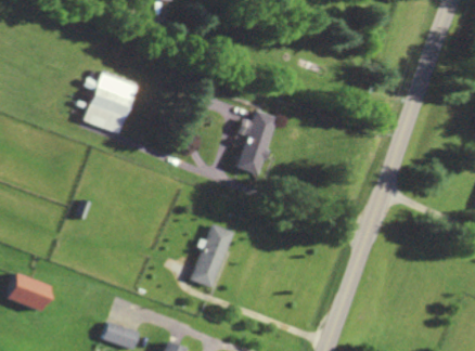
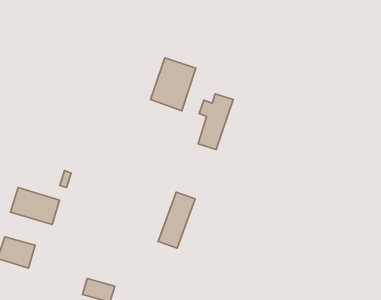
building: [87,73,139,133] -> [150,58,196,111]
building: none -> [11,188,60,225]

